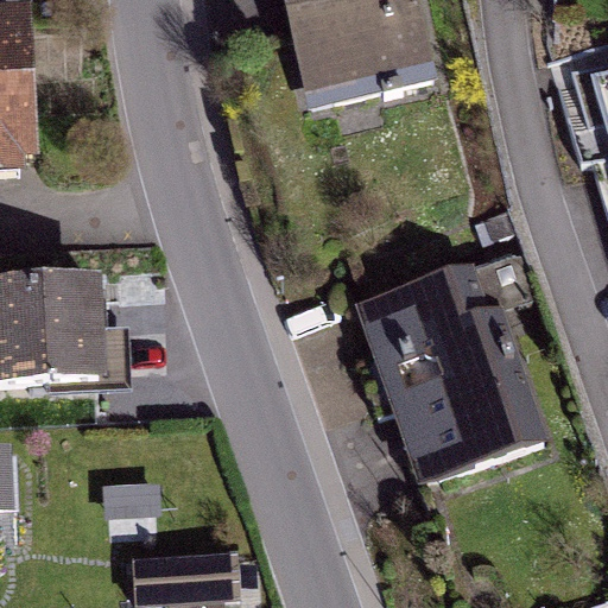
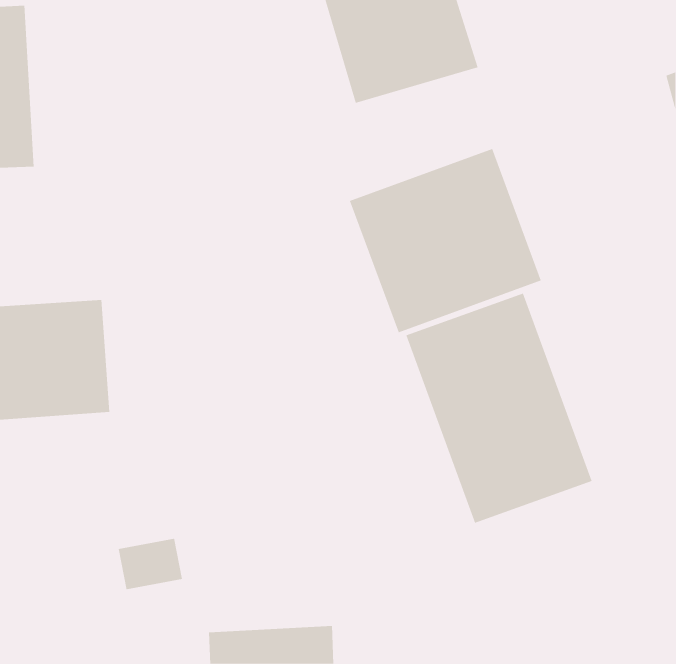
building: none -> [349,148,542,333]

